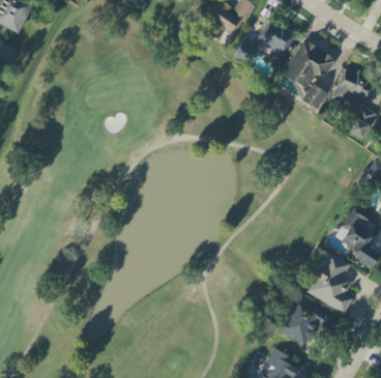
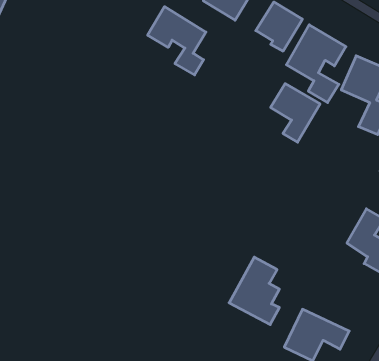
building: none -> [148,7,206,75]
building: none -> [271,84,320,142]
building: [307,253,353,314] -> [229,257,279,325]

